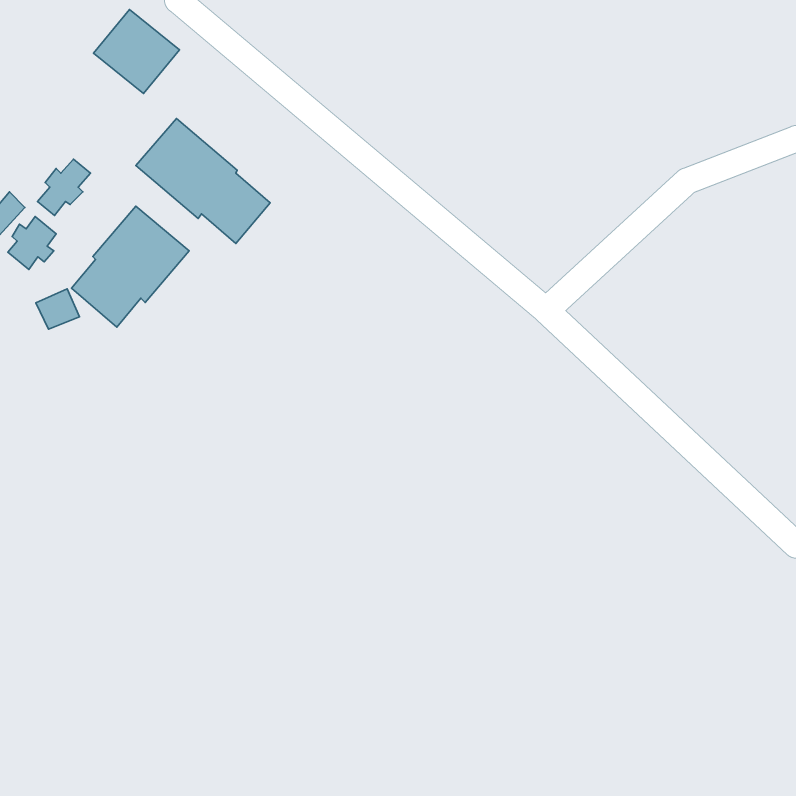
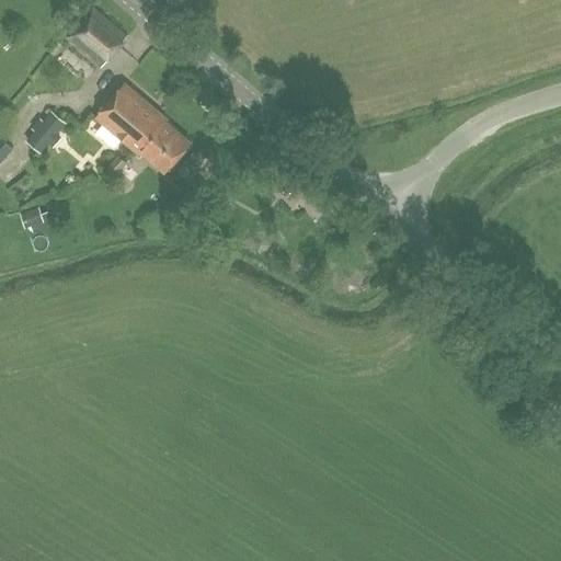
building: [71,206,189,327] -> none
building: [8,217,56,269] -> none

